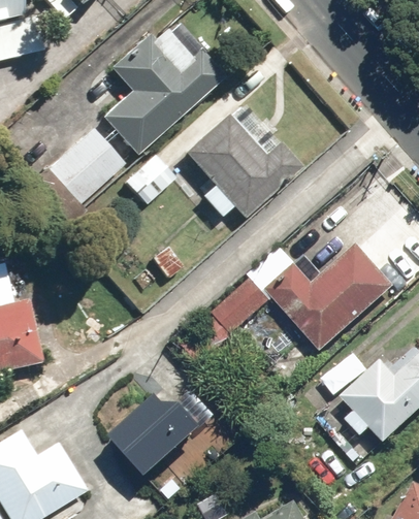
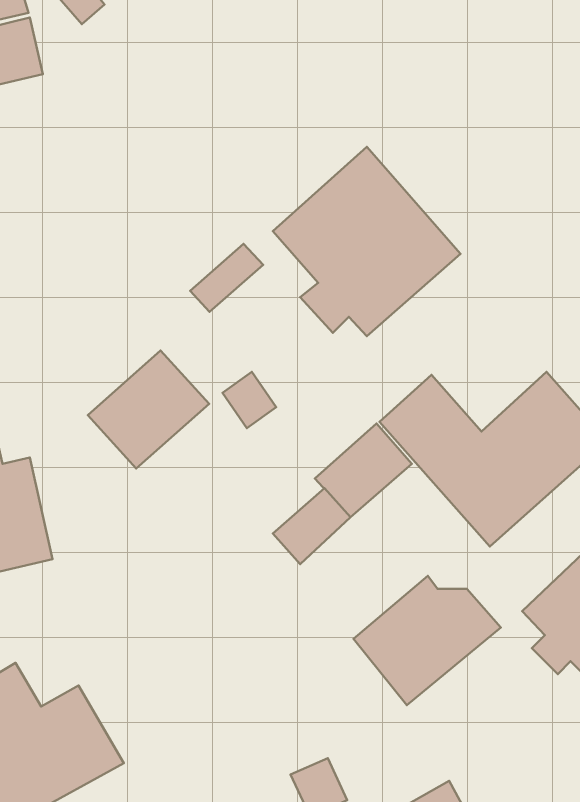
building: [101,25,225,155] -> none
building: [46,127,124,202] -> [88,351,209,469]
building: [115,391,208,474] -> [353,576,501,705]

